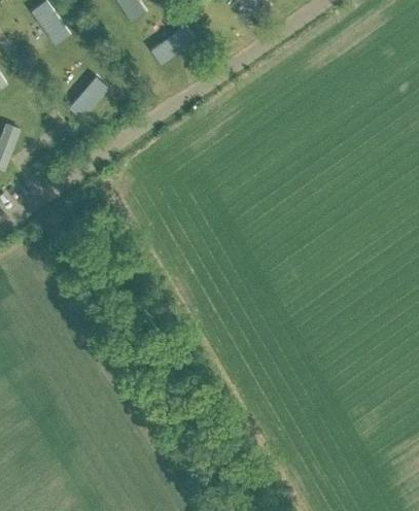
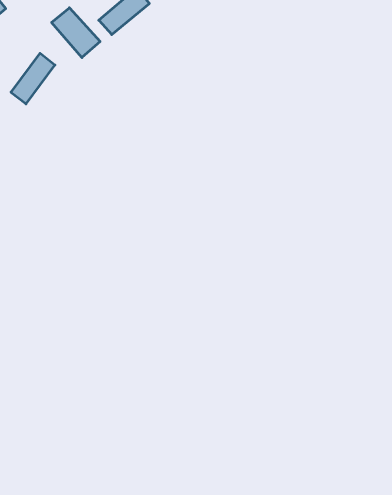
building: none -> [52,8,100,58]

